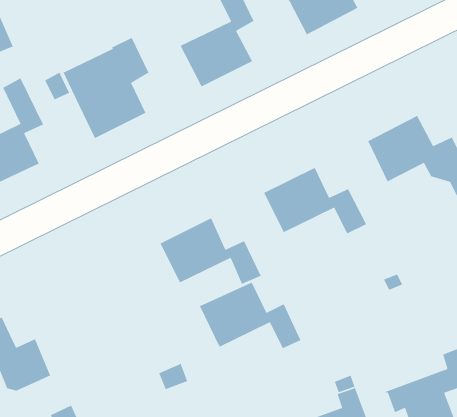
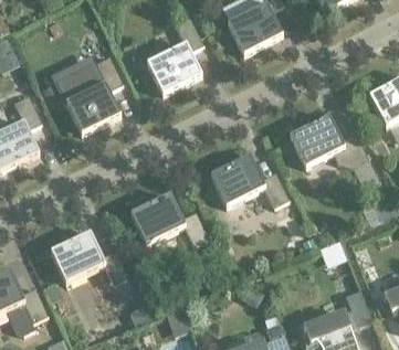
building: [199,281,301,349] -> [49,230,127,282]

